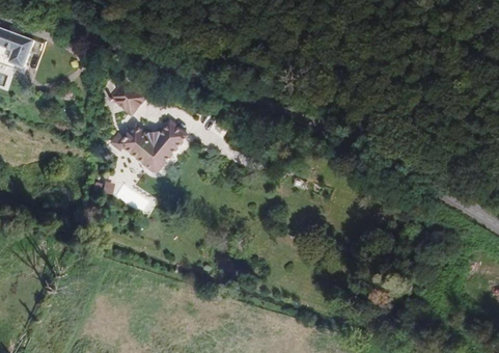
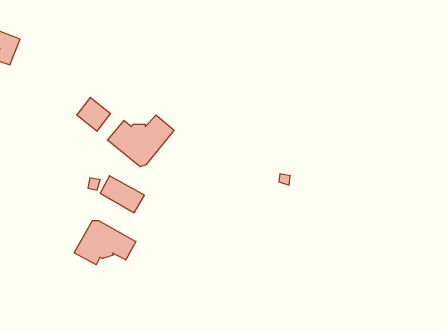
building: [111,79,145,113] -> [77,97,111,131]
building: none -> [74,221,136,265]

